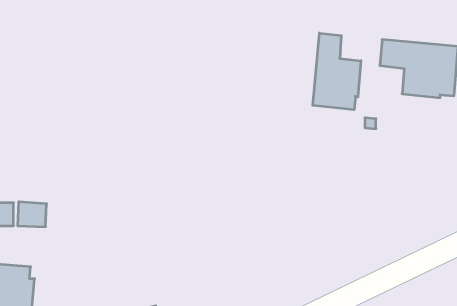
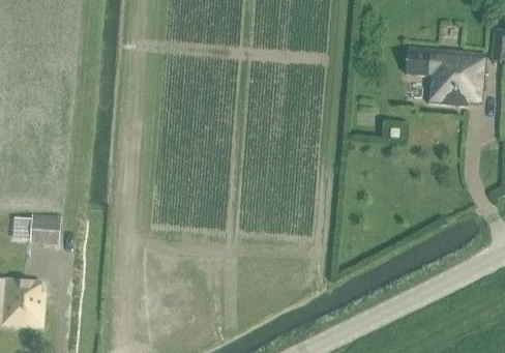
building: [313,33,361,110] -> none

